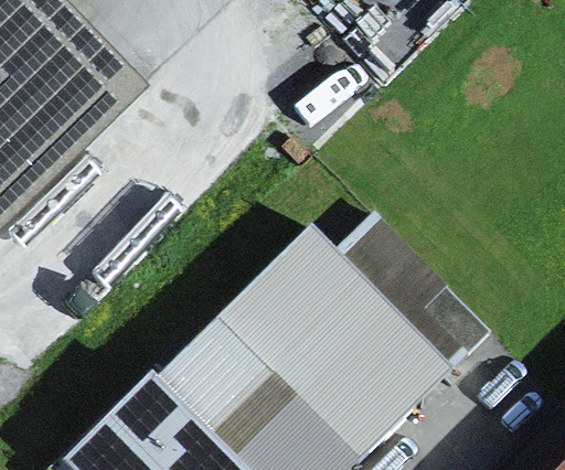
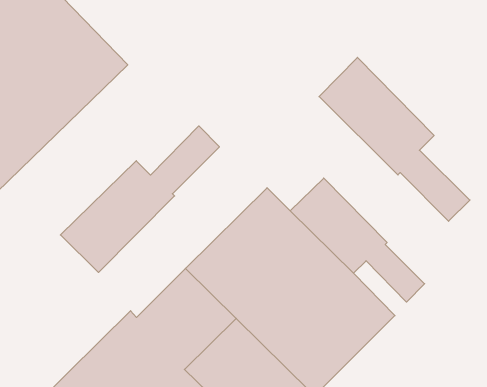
building: none -> [319,57,470,221]
building: none -> [60,126,219,272]

